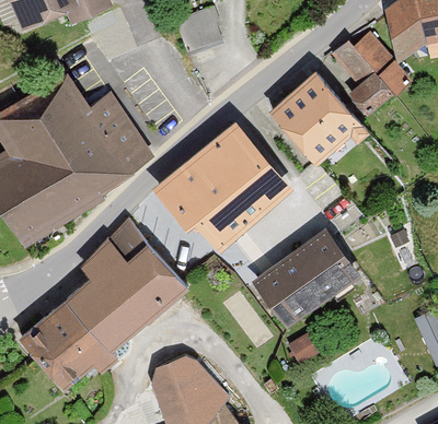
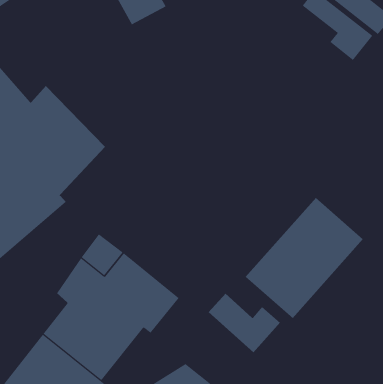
building: [268,70,368,161] -> none
building: [154,120,291,248] -> none
building: none -> [208,293,281,353]

